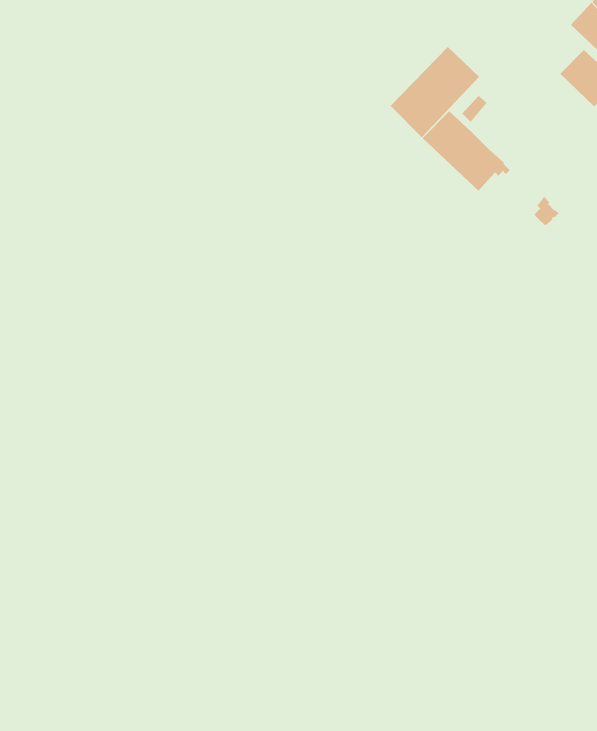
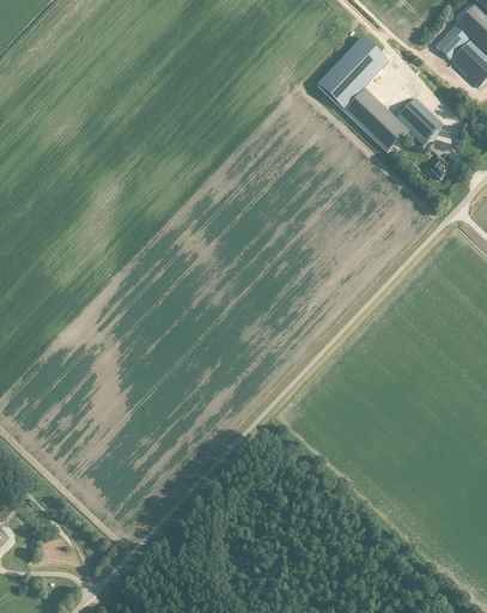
building: none -> [436,24,469,57]
building: none -> [396,97,443,144]

